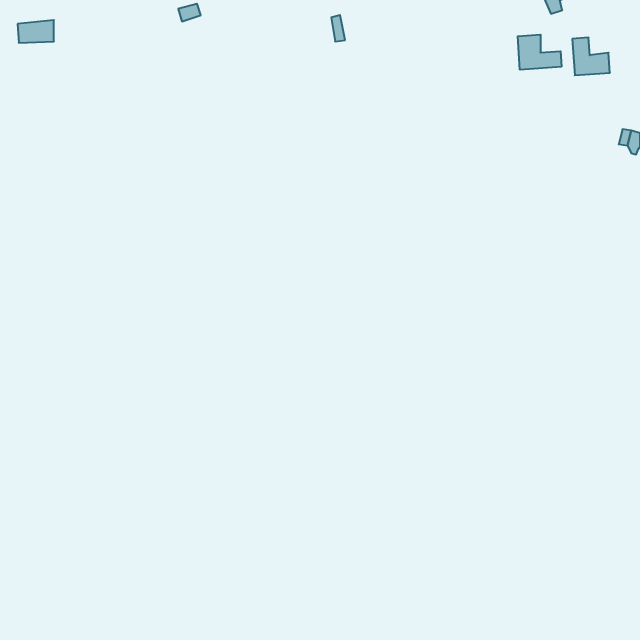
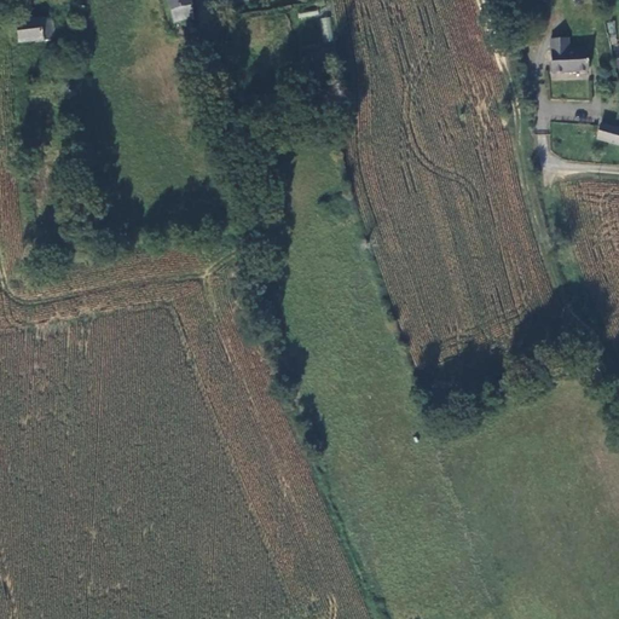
building: [518,35,561,70] -> none

